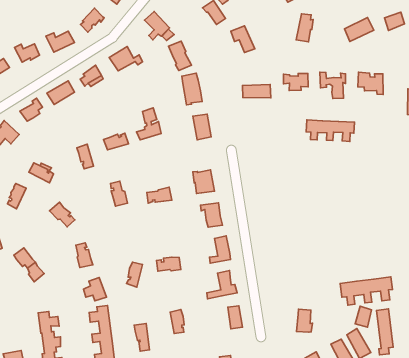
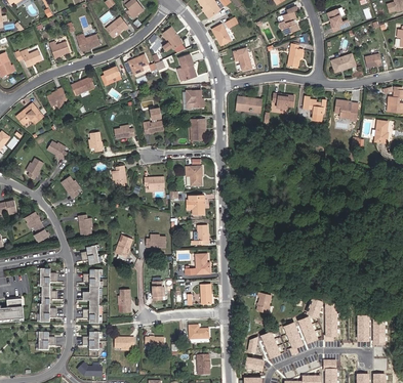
building: [306,120,354,141] -> none
building: [340,277,392,305] -> none

